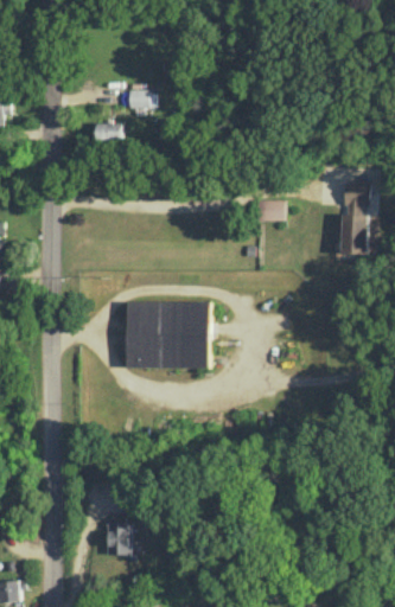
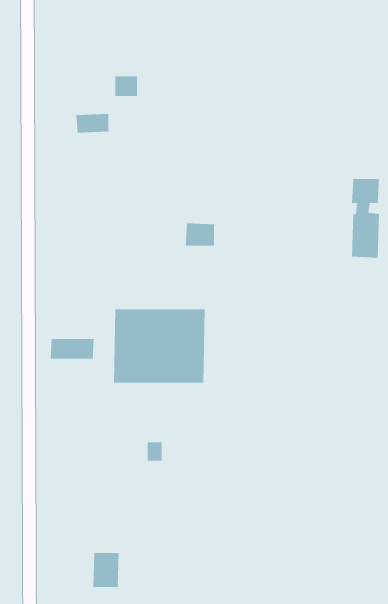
building: [256,199,283,221] -> [185,223,215,246]
building: none -> [50,338,94,360]

